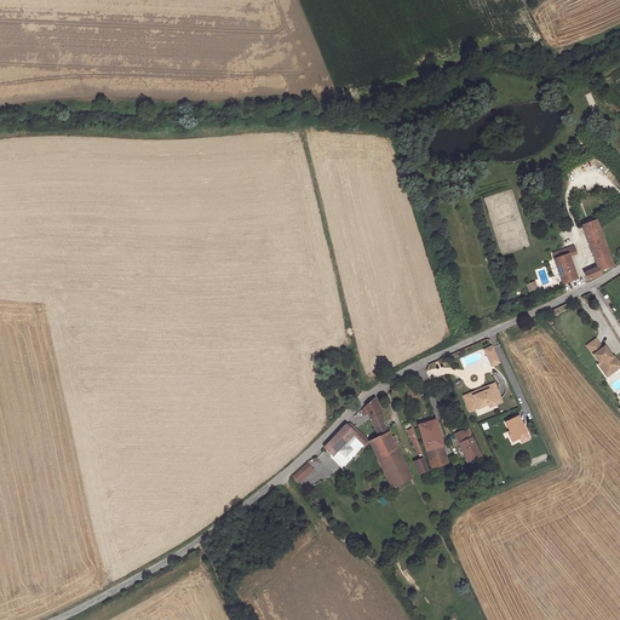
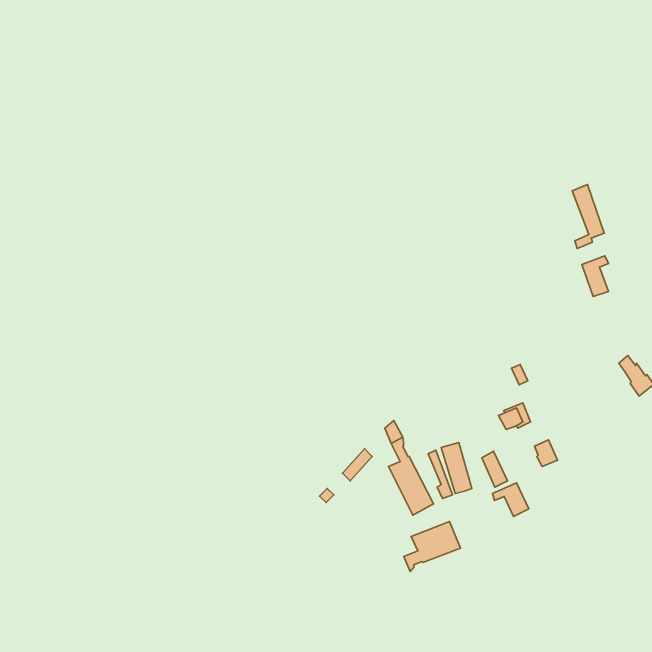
building: [582,217,613,277] -> [572,184,604,248]
building: none -> [492,483,529,517]
building: none -> [404,521,460,572]

